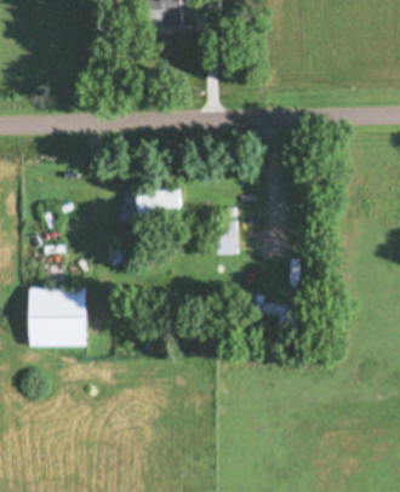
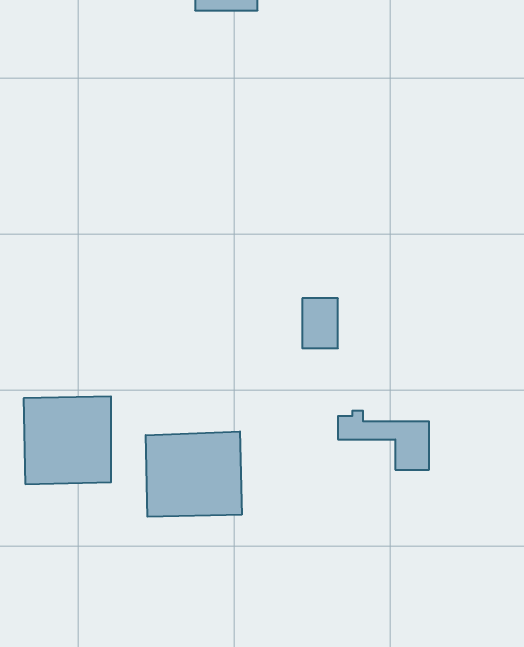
building: [136,187,182,225] -> none
building: none -> [146,431,242,517]

